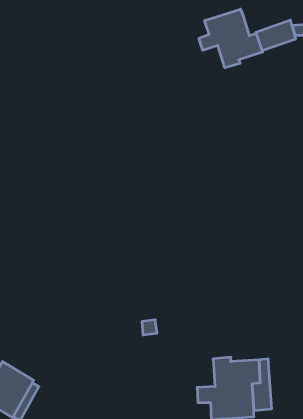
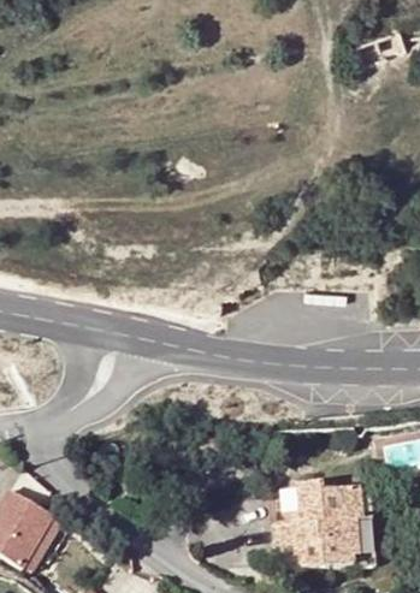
building: [199,9,263,68] -> none

